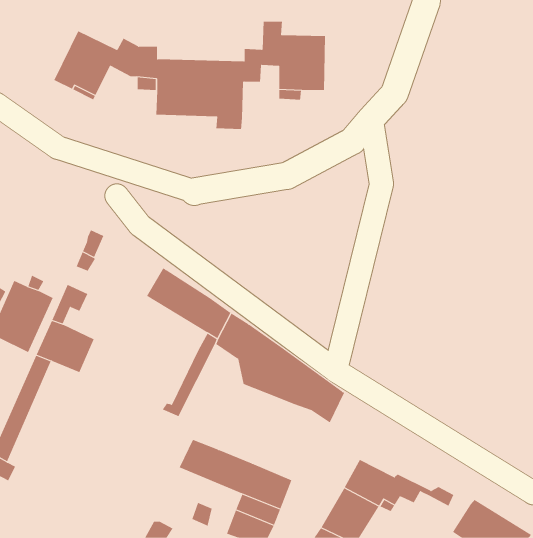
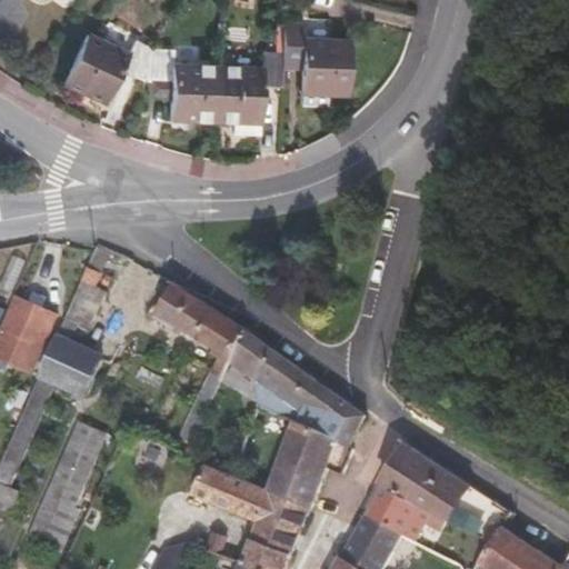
building: none -> [267,420,353,507]
building: none -> [23,421,106,557]
building: none -> [380,443,491,522]

